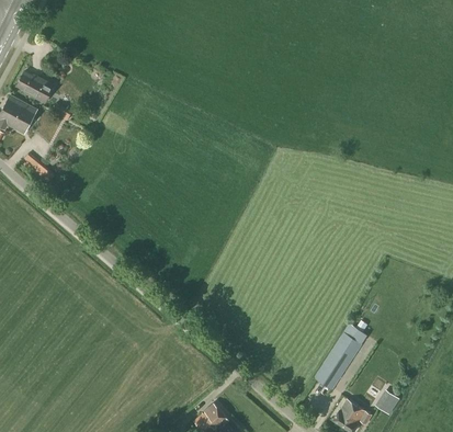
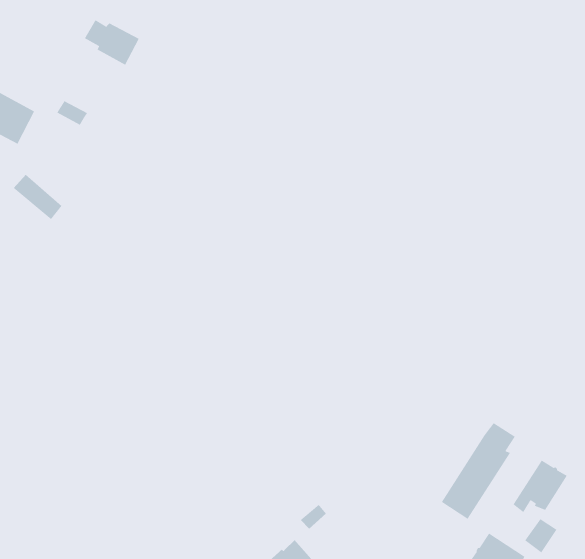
building: [16,71,55,103] -> [84,19,140,66]
building: none -> [513,460,568,513]

